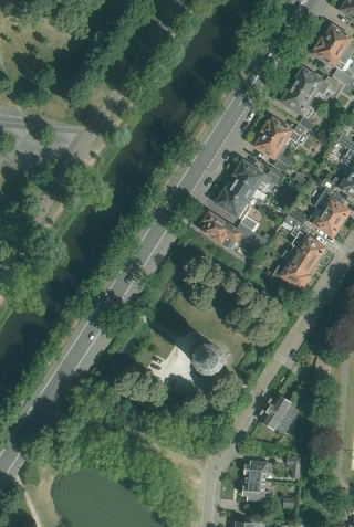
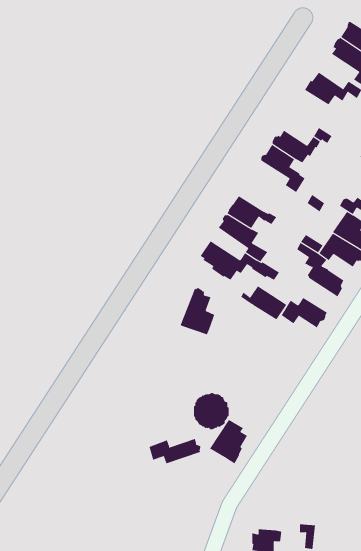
building: [280,84,312,117] -> none
building: [232,161,279,188] -> none
building: [278,245,317,275] -> [241,285,287,320]
building: none -> [180,287,215,335]
building: none -> [149,438,201,464]
building: [260,396,293,434] -> [209,419,248,464]

